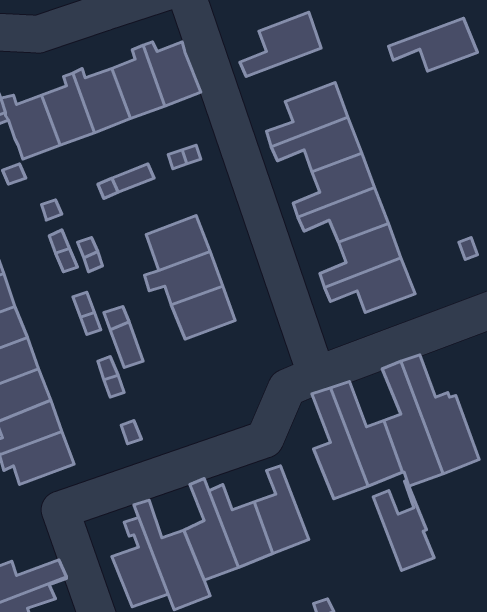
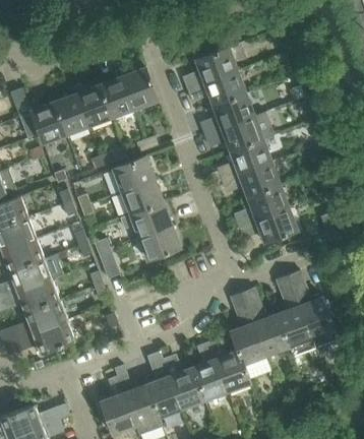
building: [388,18,478,71] -> [187,71,245,106]
building: none -> [113,155,155,192]
building: [373,480,434,570] -> [209,331,249,390]

